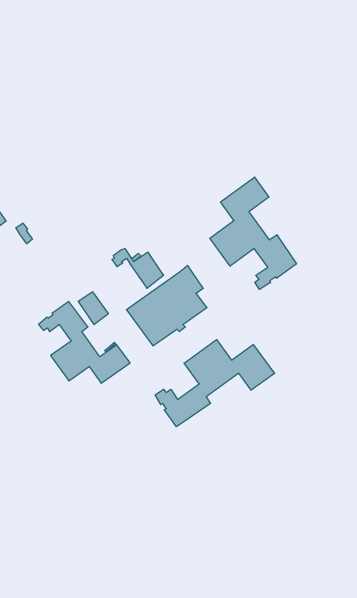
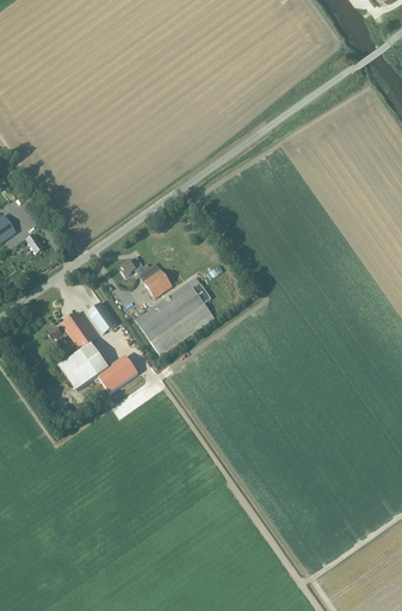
building: [210,177,297,289] -> none
building: [155,340,275,427] -> none

